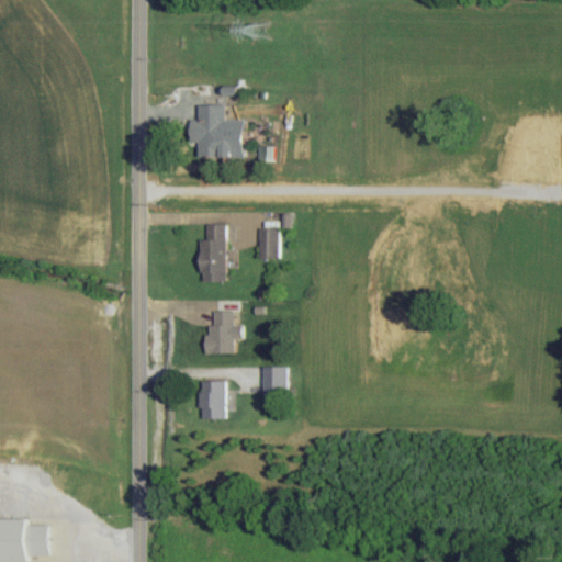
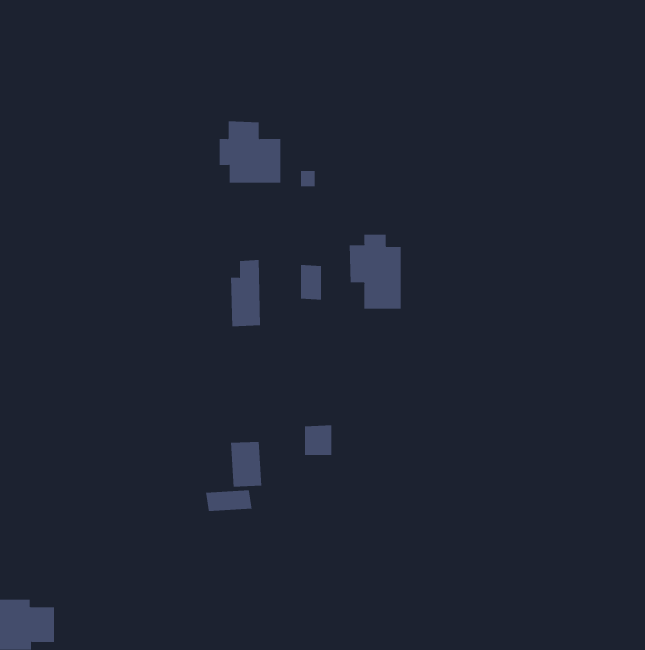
building: none -> [349,234,401,310]
building: [205,311,243,353] -> none
building: none -> [206,490,252,512]

